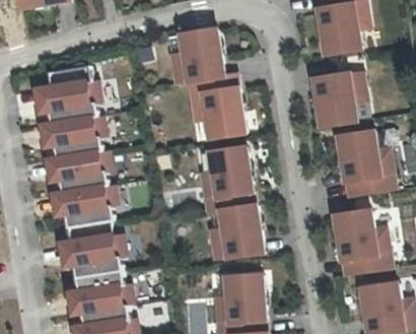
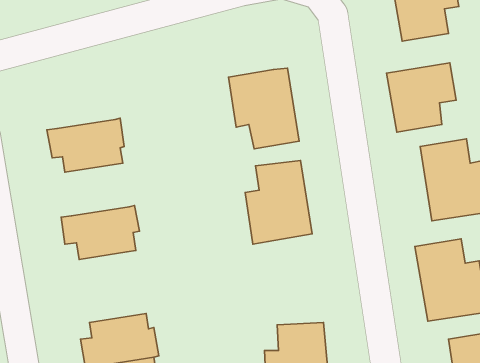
building: [168,28,222,83] -> none
building: [38,66,99,122] -> none
building: [49,148,111,191] -> none
building: [208,205,262,259] -> none
building: [63,219,124,275] -> none

